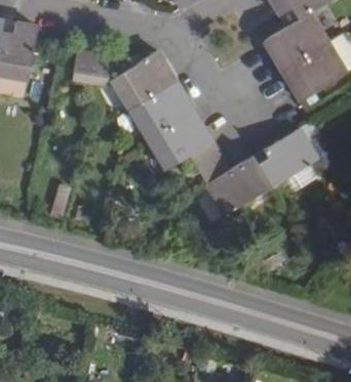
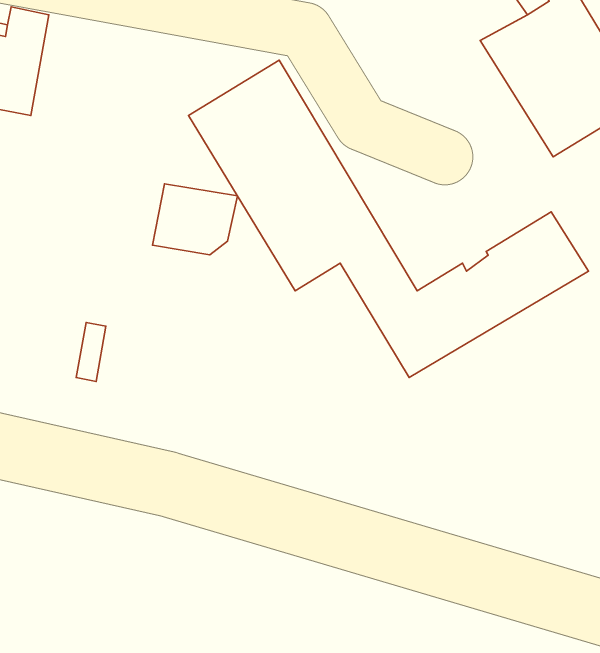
building: [71,49,115,86] -> [153,184,237,255]

